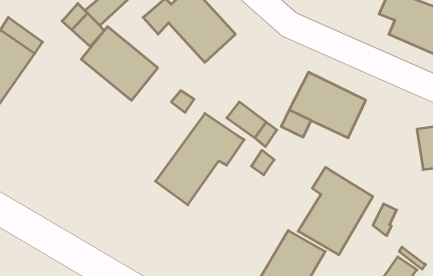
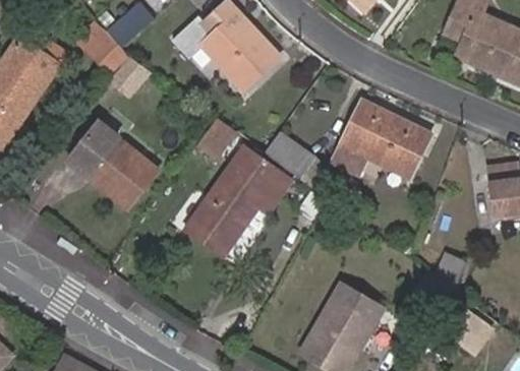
building: [81,27,158,100] -> [68,121,157,206]
building: [298,167,373,255] -> none

